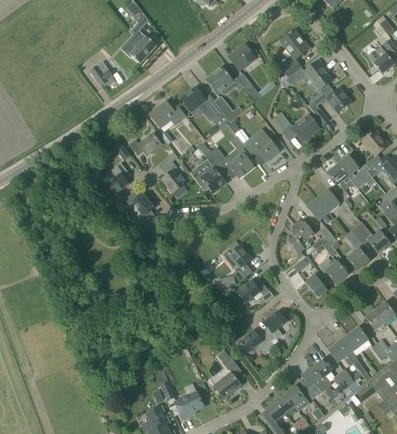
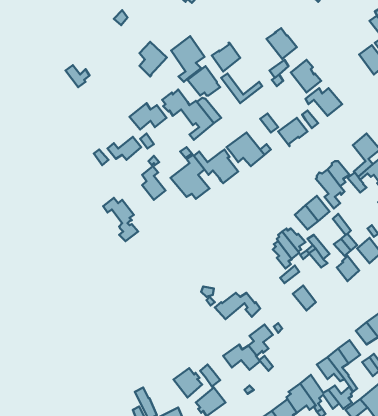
building: [130,31,156,64] -> [140,42,167,76]
building: none -> [171,36,204,82]
building: [106,162,130,194] -> none
building: [225,245,252,281] -> none
building: [319,257,347,283] -> none
building: none -> [174,368,202,398]

